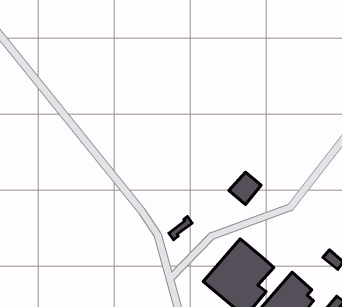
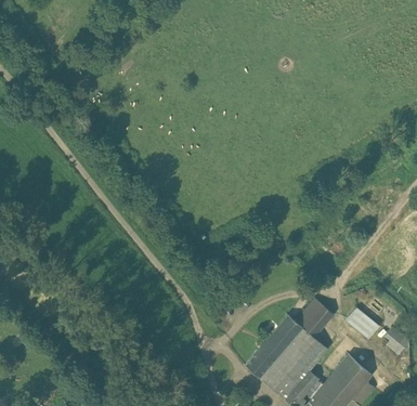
building: [229,172,261,204] -> [296,299,334,337]
building: none -> [347,309,379,338]

